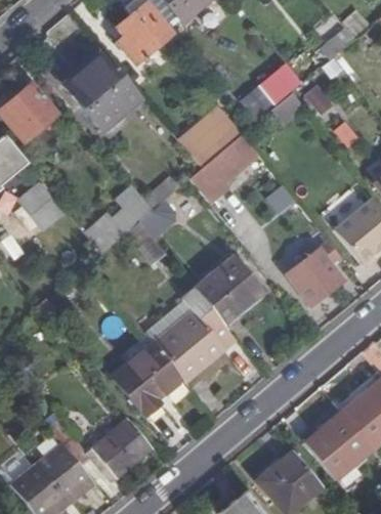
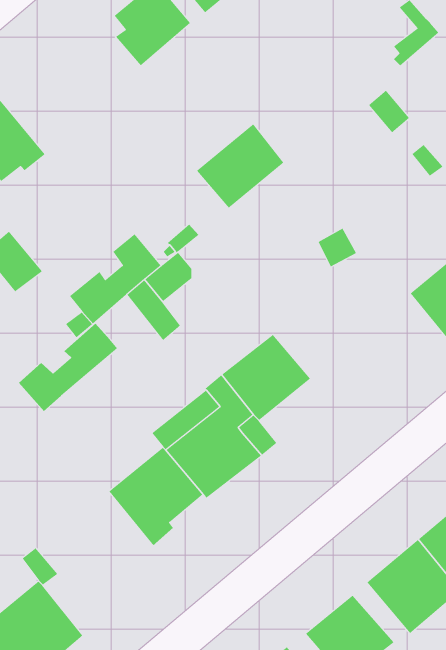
building: [64,51,142,131] -> none
building: [237,59,302,119] -> none
building: [190,134,259,203] -> none
building: [286,241,343,305] -> none
building: none -> [18,323,118,412]
building: [88,419,153,480] -> none

